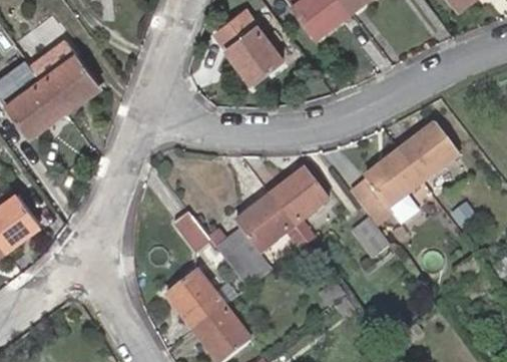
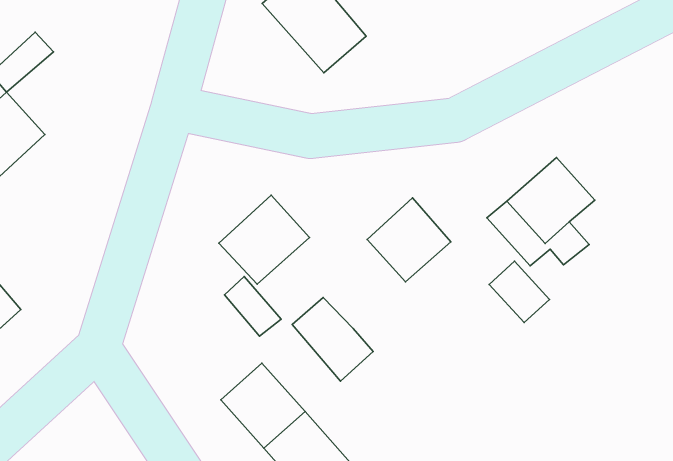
building: [41,54,98,109] -> none
building: [401,123,461,182] -> none
building: [234,196,295,254] -> [219,195,309,284]

